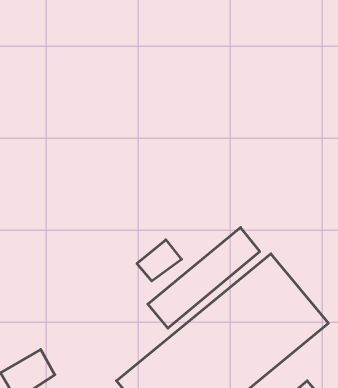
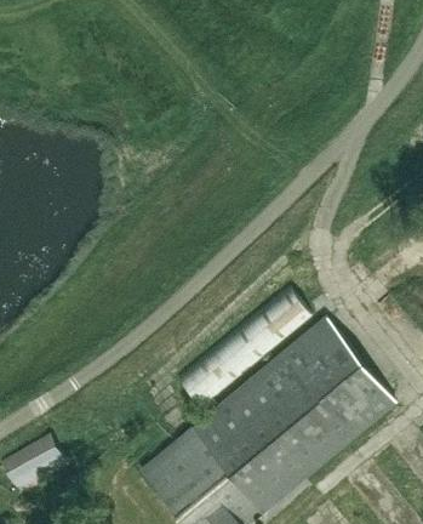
building: [137,240,182,281] -> none

